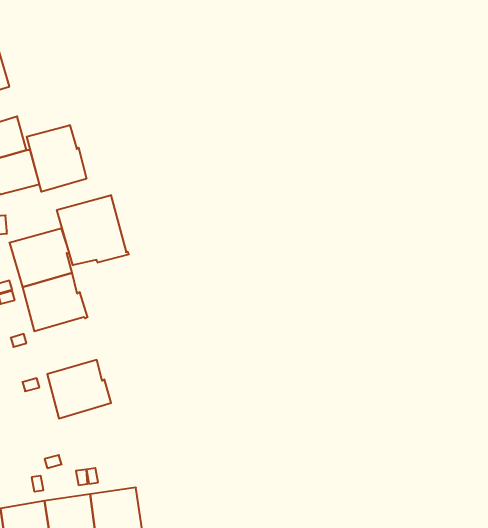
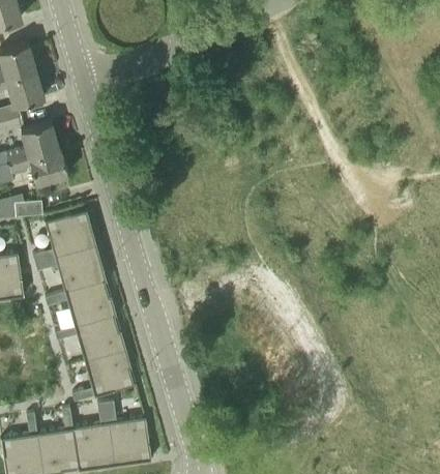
building: [27,125,86,192] -> none
building: [57,195,129,265] -> none
building: none -> [64,282,116,327]
building: none -> [84,350,136,397]

